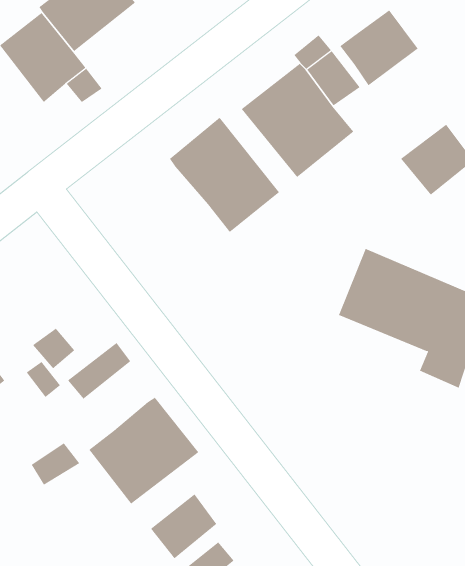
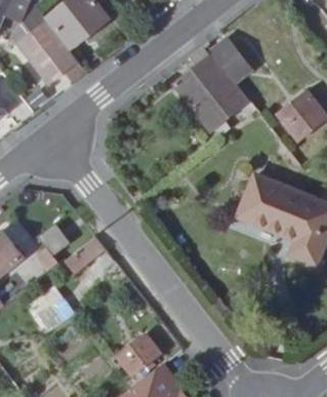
building: [340,9,419,86] -> none
building: [169,117,280,233] -> none
building: [88,397,199,505] -> none

